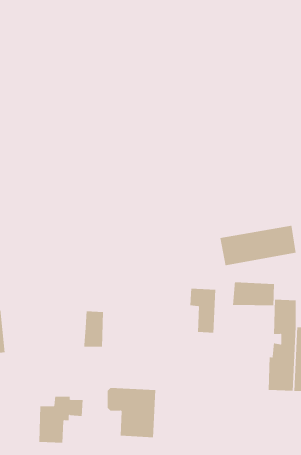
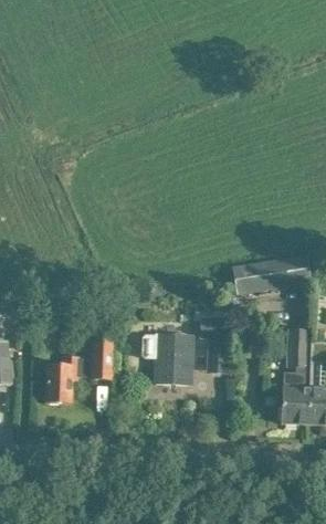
building: [233,281,274,306] -> none
building: [107,388,156,438] -> [141,334,192,386]
building: [39,396,84,443] -> [45,356,92,405]

